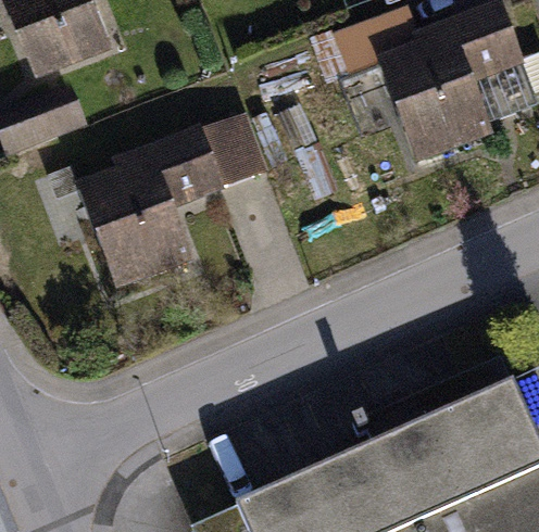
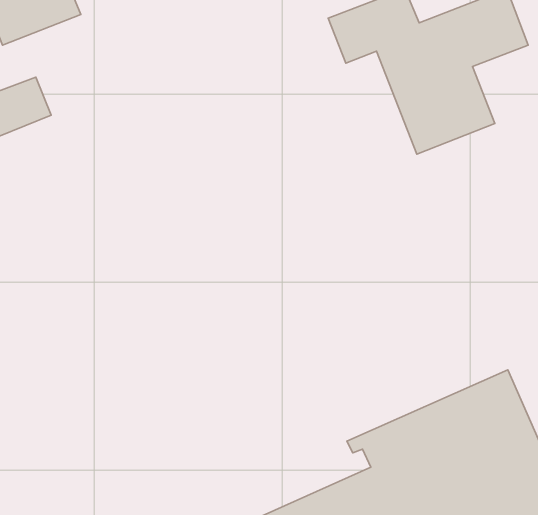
building: [83,122,262,289] -> none

